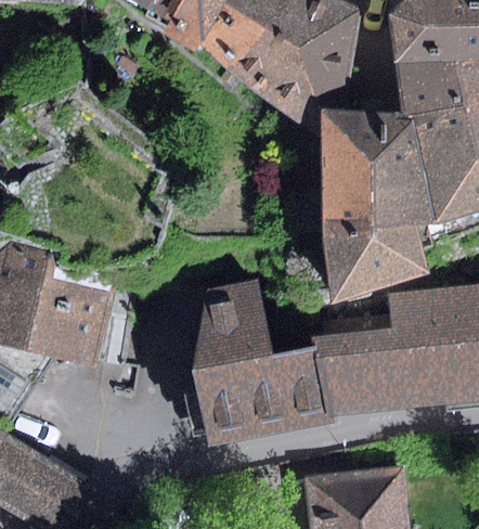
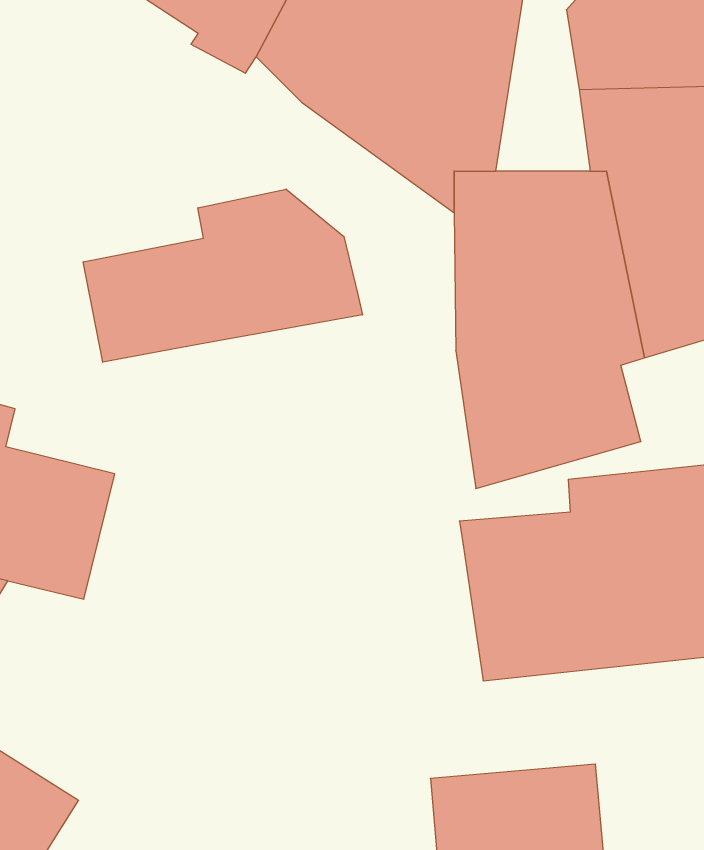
building: none -> [83,189,362,362]
building: [192,279,338,447] -> none

